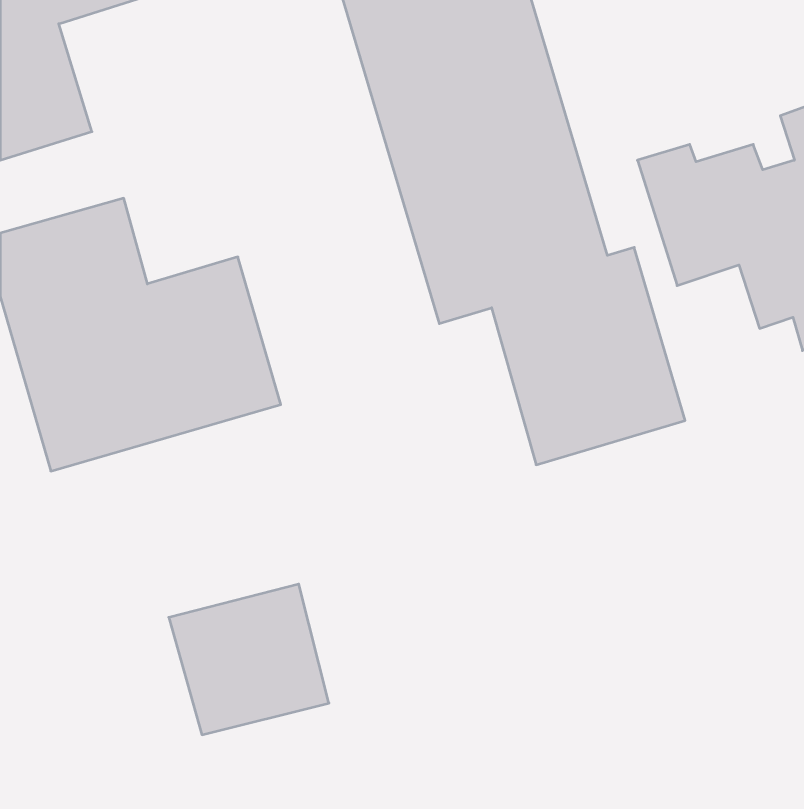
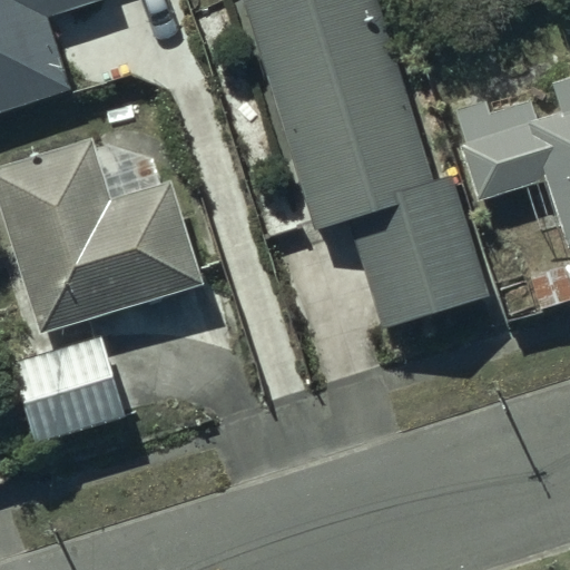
building: [169,584,329,735] -> [12,336,125,442]

